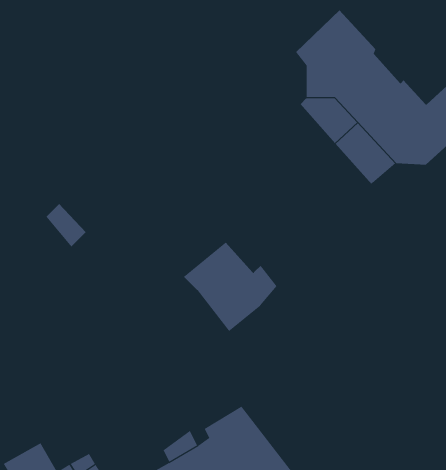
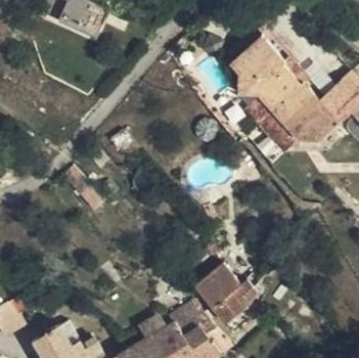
building: [183,242,278,332] -> [194,264,258,324]

